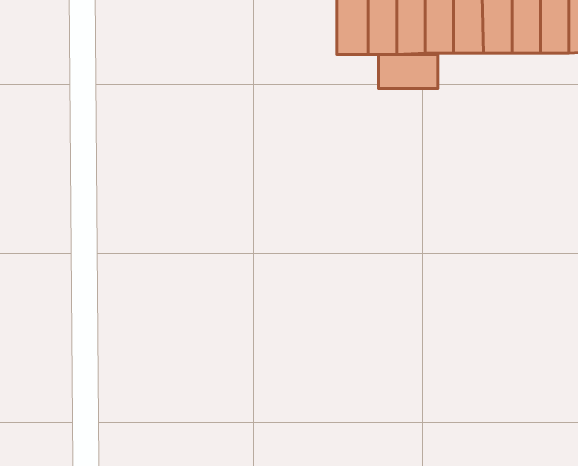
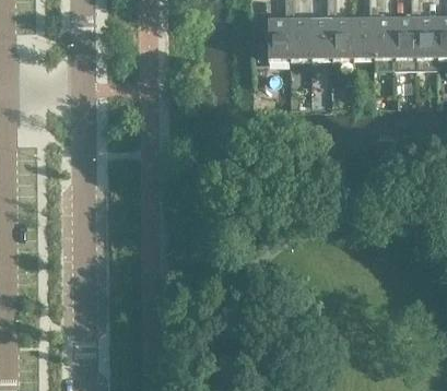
building: [378,55,438,88] -> none

